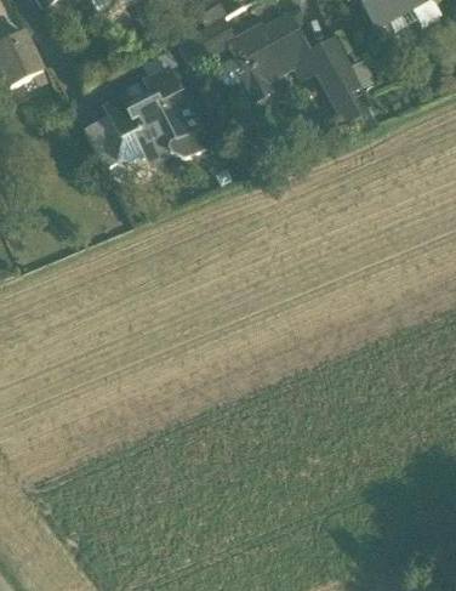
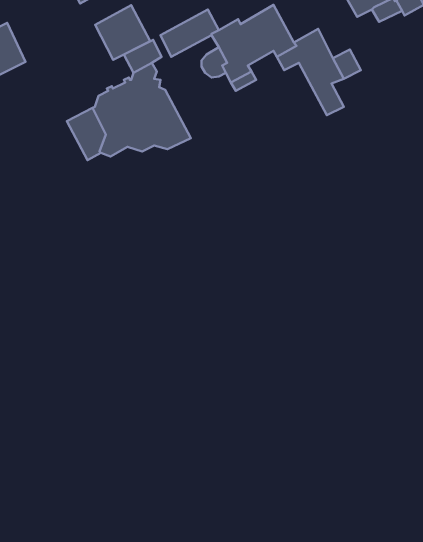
building: none -> [95,5,150,60]

